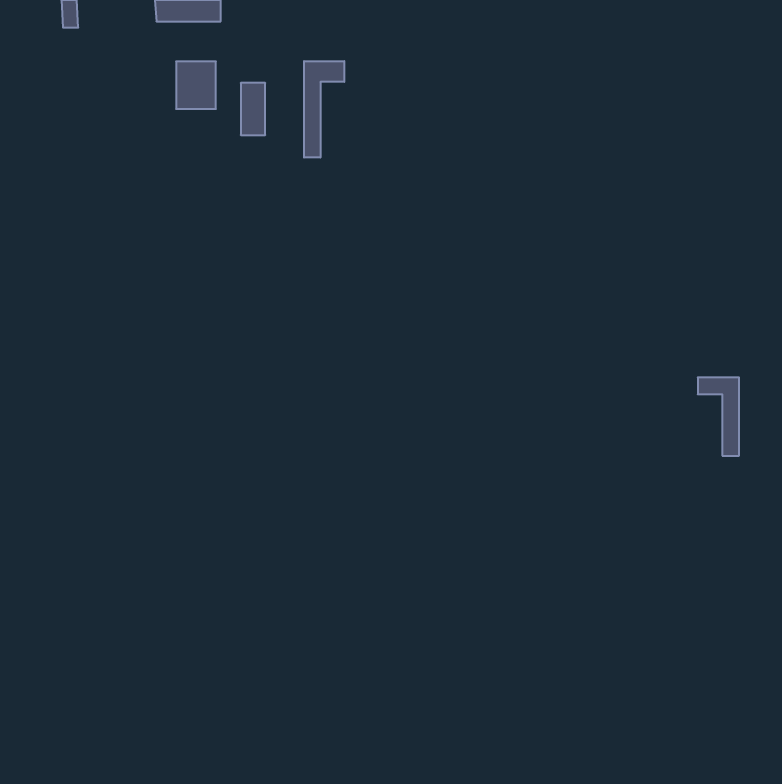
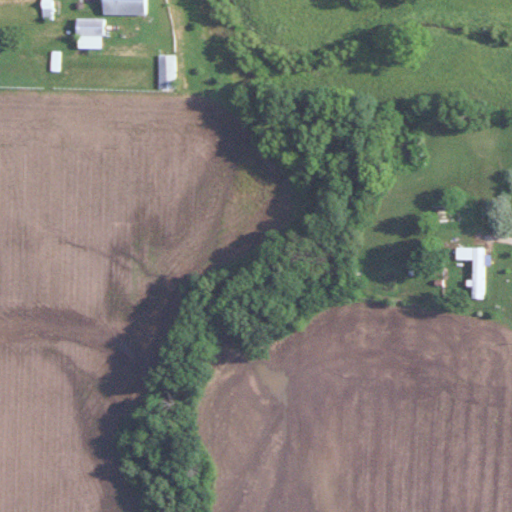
building: [304,61,344,158] -> none
building: [176,61,216,109] -> [76,17,102,48]

